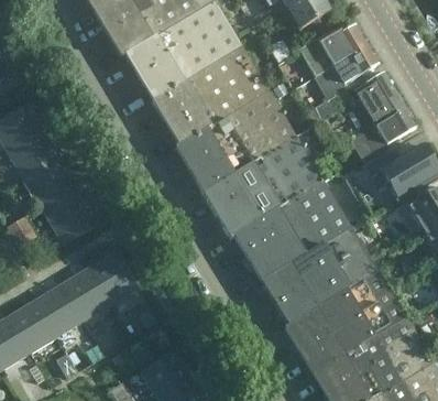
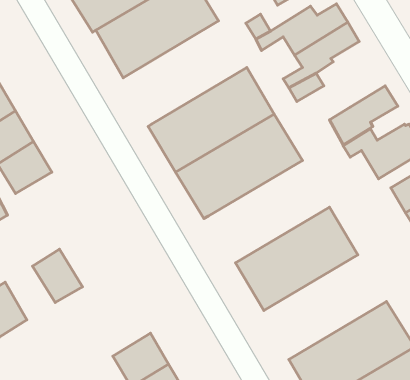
building: [151,45,271,145] -> none
building: [352,74,405,129] -> none
building: [233,181,351,280] -> none
building: [46,192,100,243] -> none
building: [89,250,139,303] -> none
building: [283,272,406,373] -> none
building: [36,283,85,335] -> none

